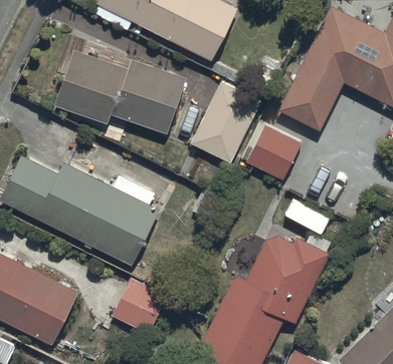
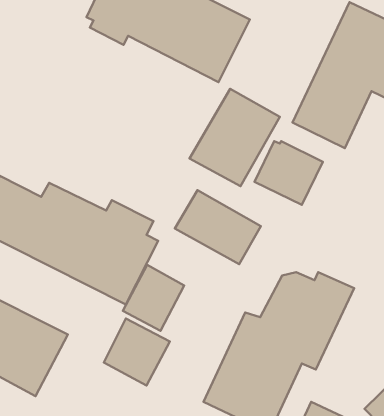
building: [53,49,186,134] -> none
building: none -> [175,190,261,264]
building: none -> [123,265,184,331]

